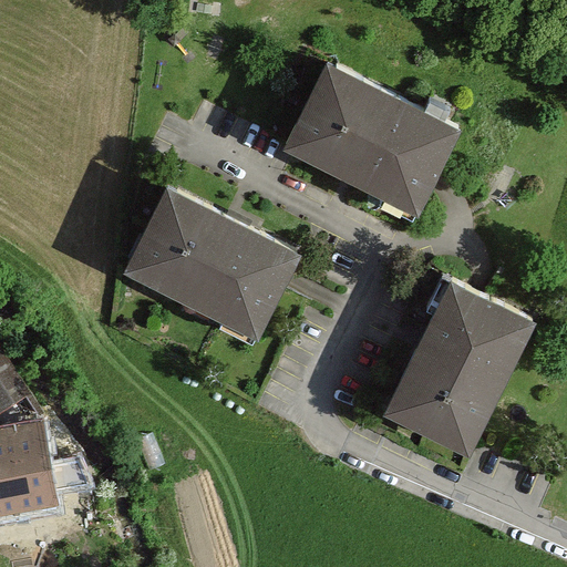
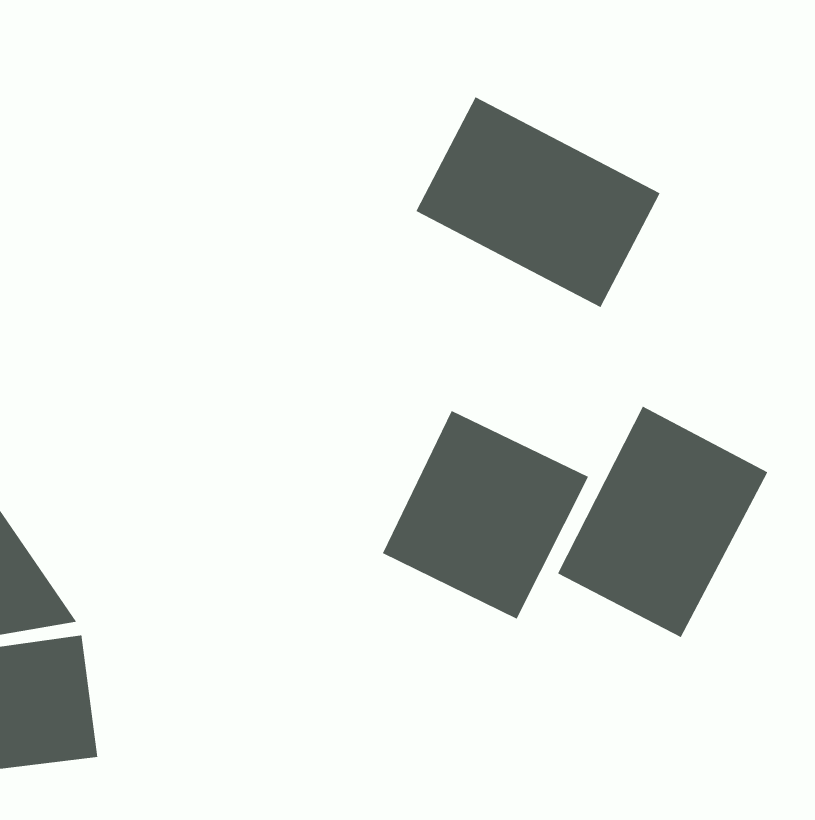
building: [128,196,312,342] -> none
building: none -> [382,410,589,619]

